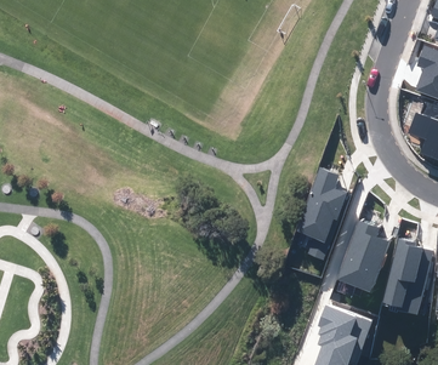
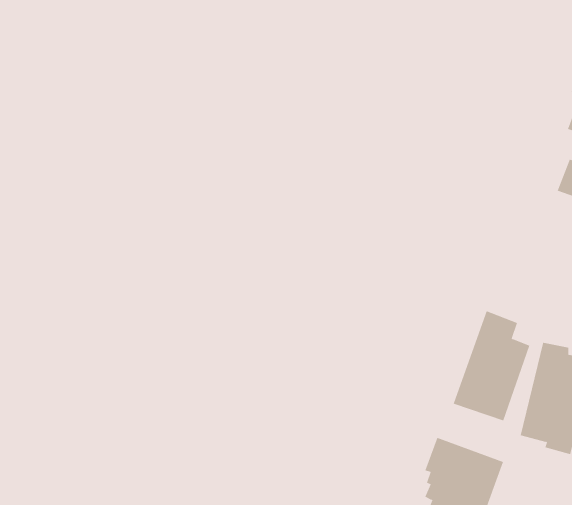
building: [296,167,347,260] -> none

